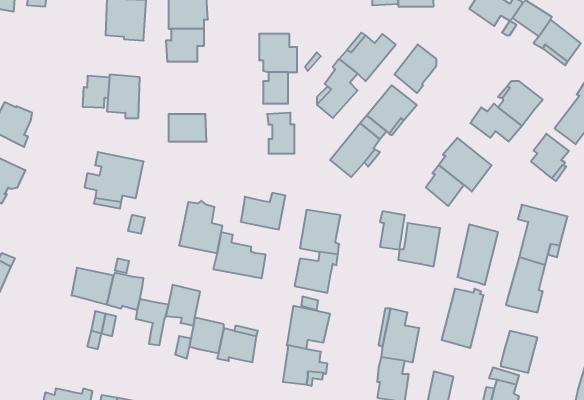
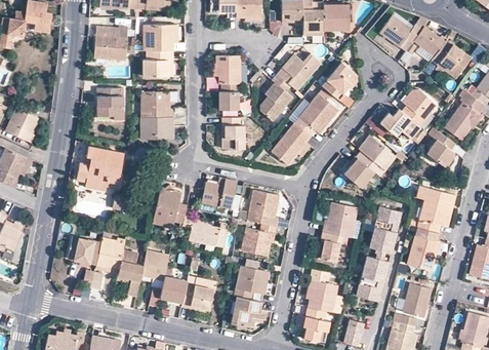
building: [83,76,109,108] -> none
building: none -> [140,90,172,116]
building: [380,211,405,249] -> [321,230,340,260]

